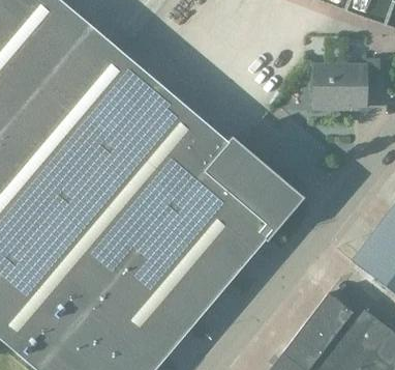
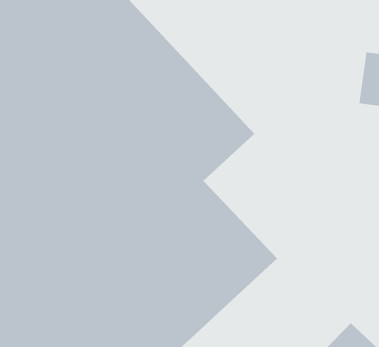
building: [190,142,300,248] -> none

